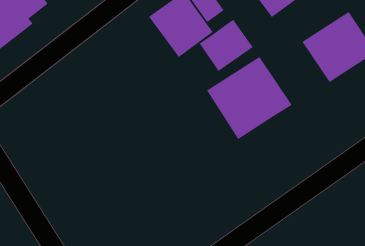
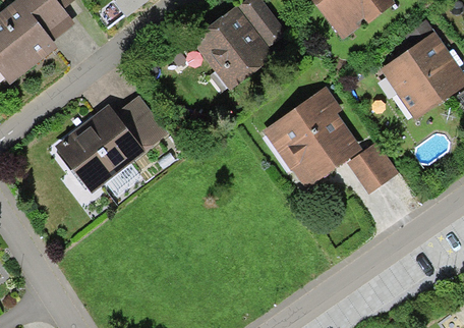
building: [199,19,254,72] -> none
building: none -> [52,96,167,196]
building: none -> [345,142,396,194]

